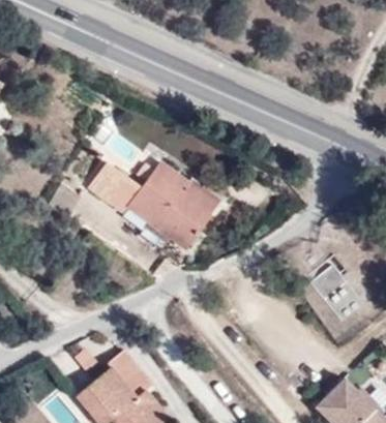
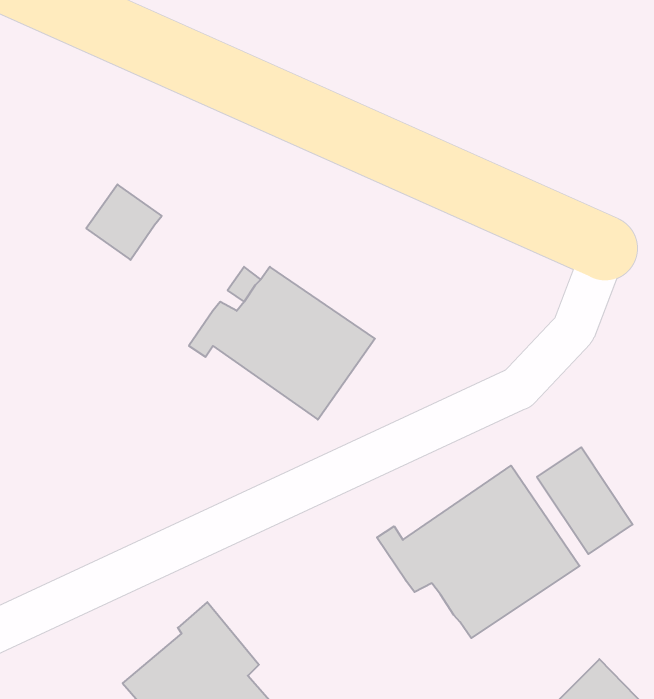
building: [89,162,131,205] -> [86,184,162,260]
building: none -> [377,466,580,638]

